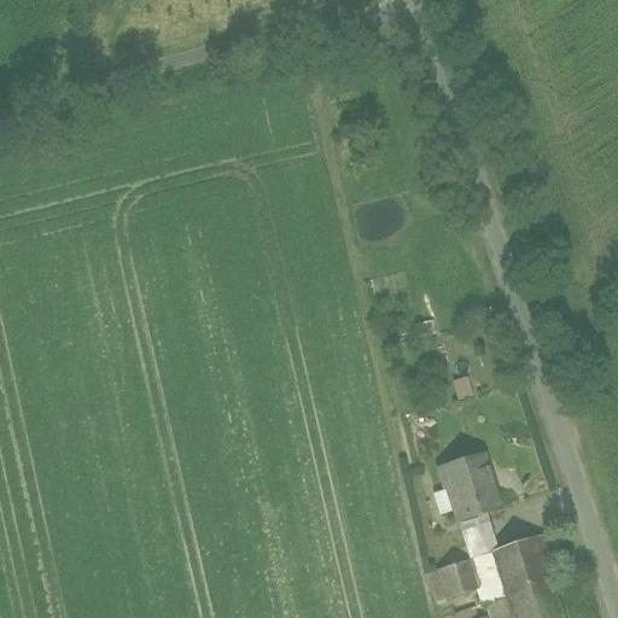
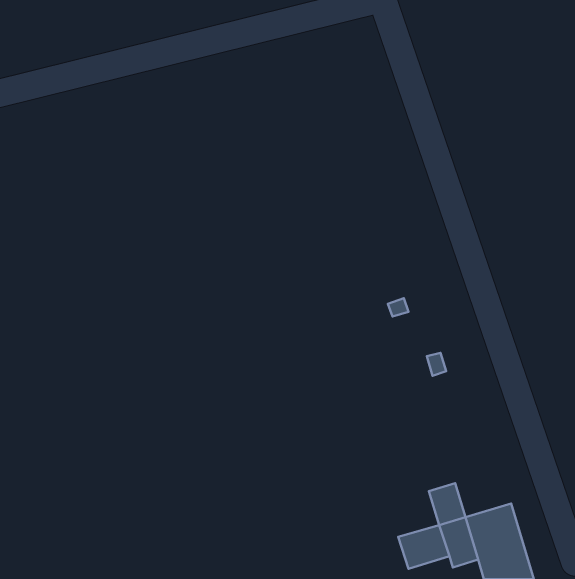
building: [438,453,501,519] -> none

